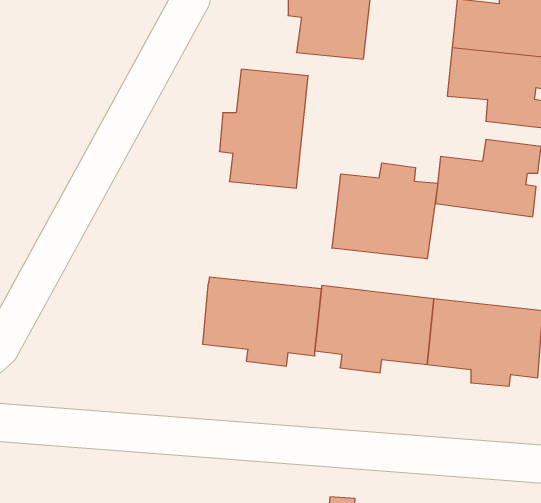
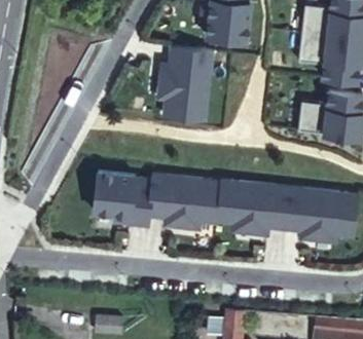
building: [332,163,438,259] -> none
building: none -> [94,175,152,227]

